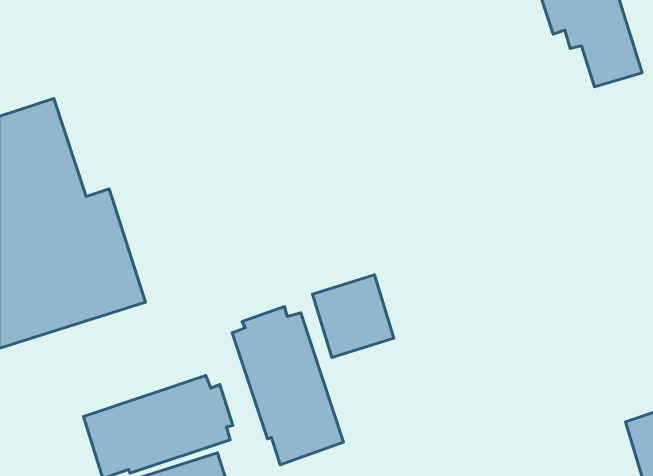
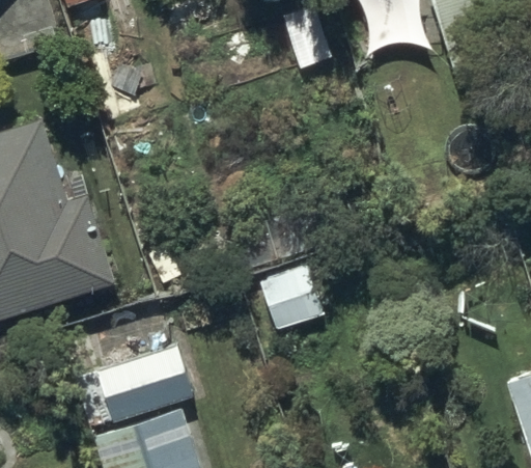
building: [232,307,344,465] -> none

